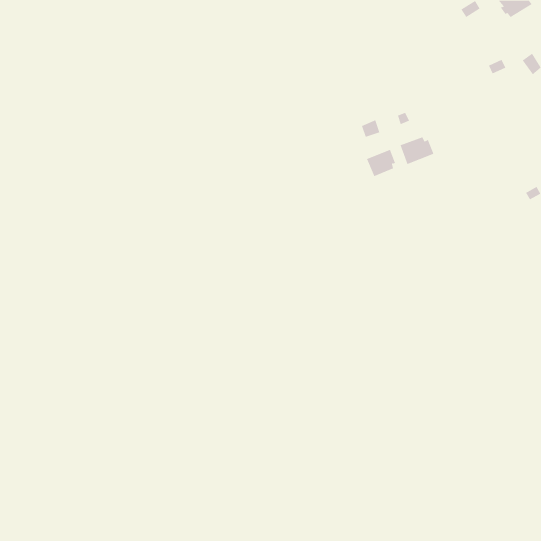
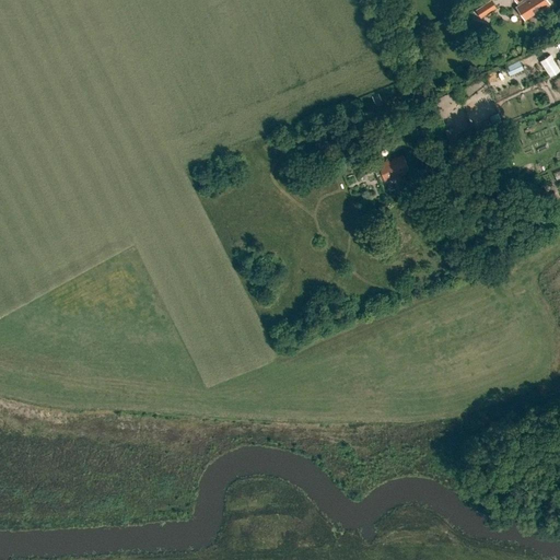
building: [400,137,434,165] -> none

